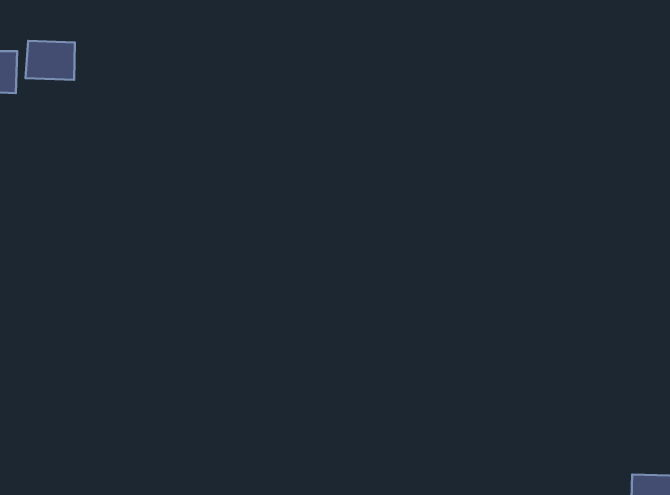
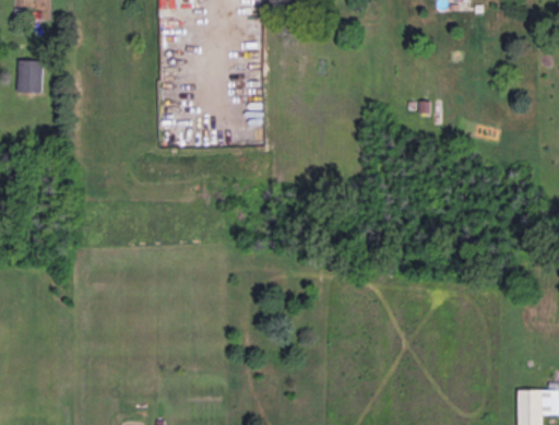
building: [26,41,75,80] -> none

